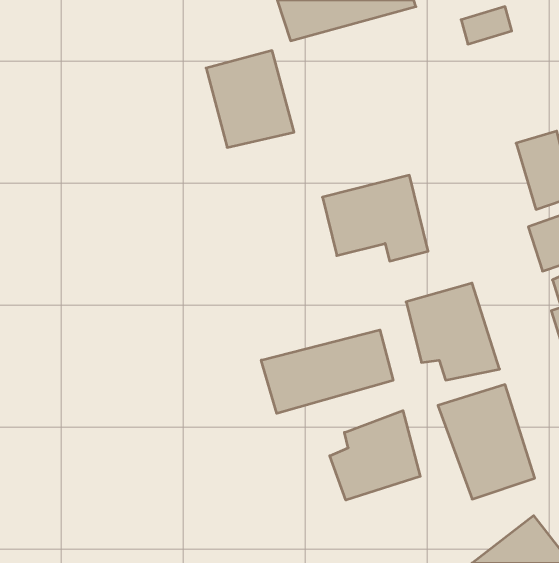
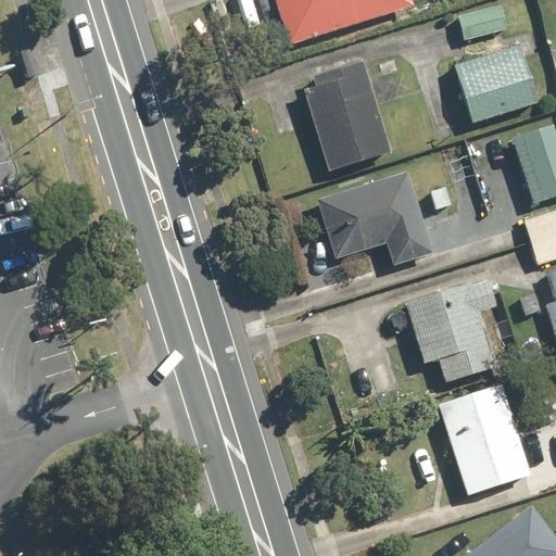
building: [206,51,294,147] -> [304,68,391,164]
building: none -> [457,51,536,125]
building: [261,330,393,413] -> none
building: [330,411,420,500] -> none

